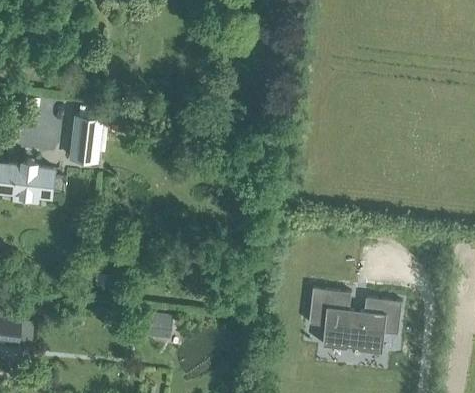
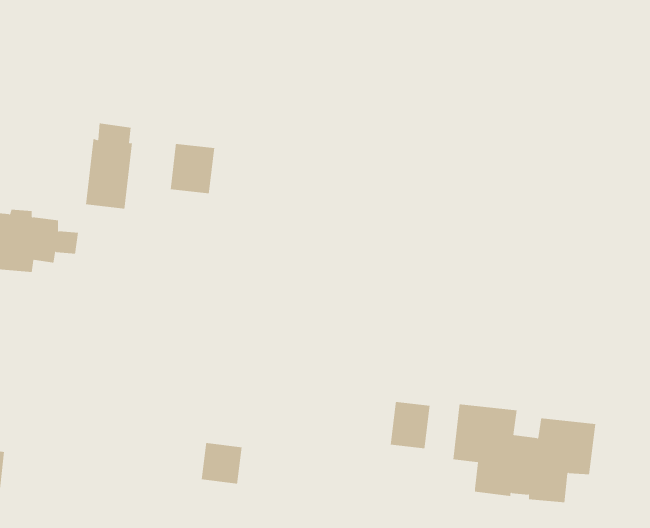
building: none -> [170,143,215,194]
building: none -> [390,401,430,449]

